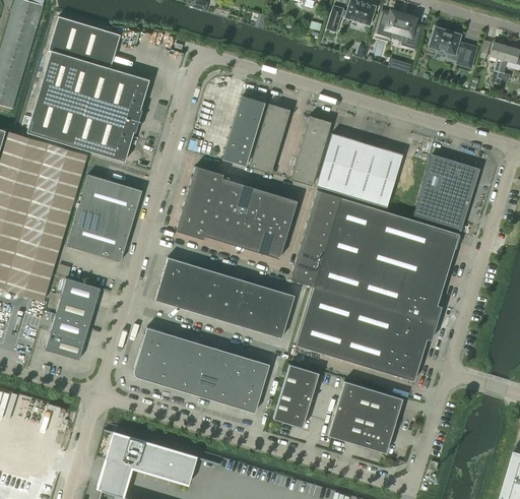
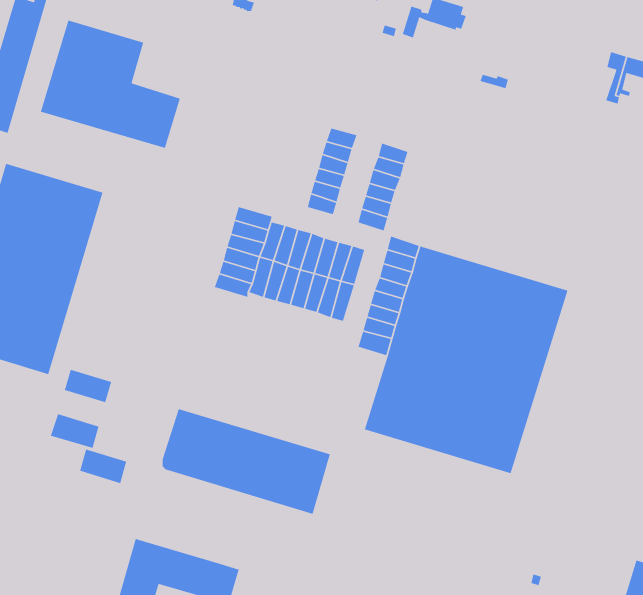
building: [376,11,421,50] -> none
building: [427,24,475,68] -> none
building: [24,91,137,163] -> none
building: [221,97,265,167] -> none
building: [316,133,402,207] -> none
building: [413,155,478,230] -> none
building: [67,175,142,262] -> none
building: [154,257,295,338] -> none
building: [61,278,101,307] -> none
building: [51,314,89,342] -> [79,448,127,484]
building: [273,365,319,428] -> none
building: [328,381,402,453] -> none

